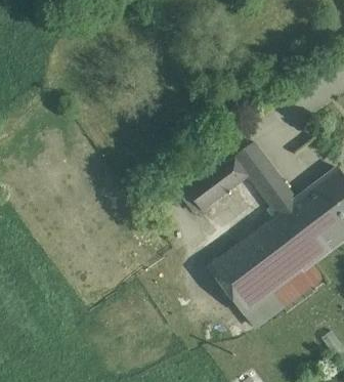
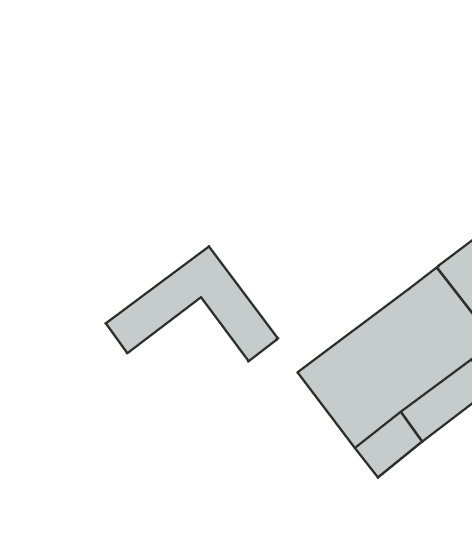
building: [187,141,295,213] -> [106,246,278,361]

